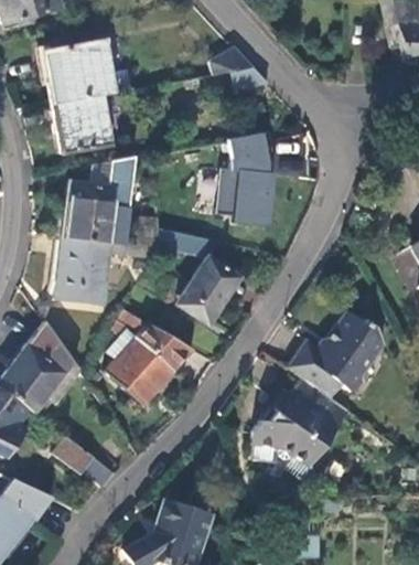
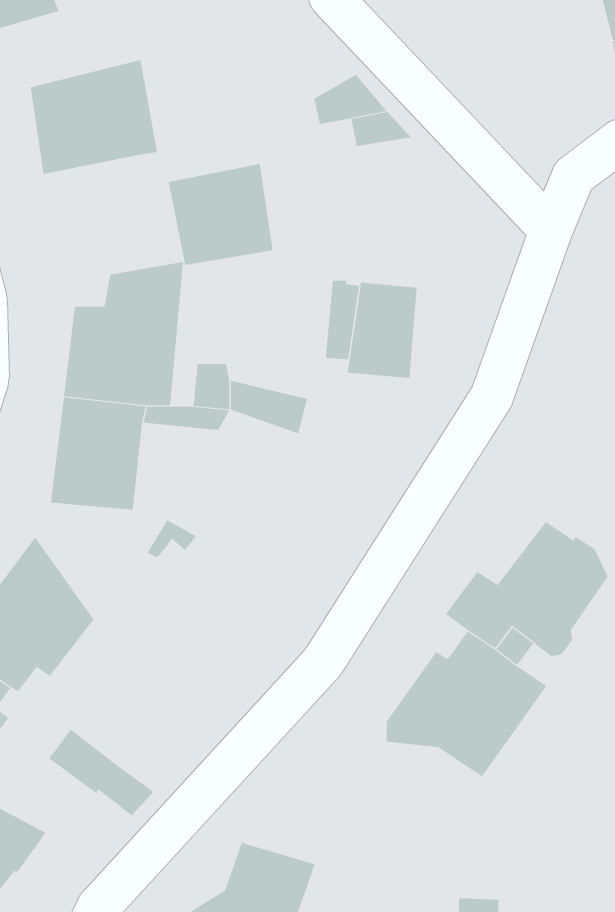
building: [50,94,112,154] -> [168,163,273,265]
building: [228,131,275,172] -> none
building: [174,253,244,328] -> none
building: [106,323,191,405] -> none

